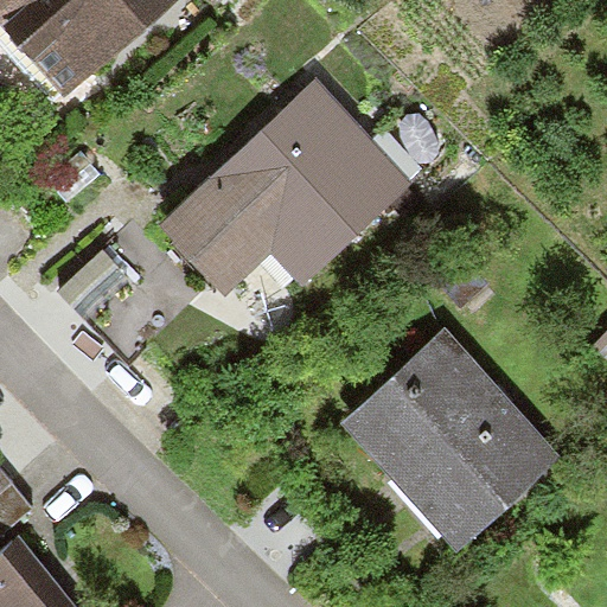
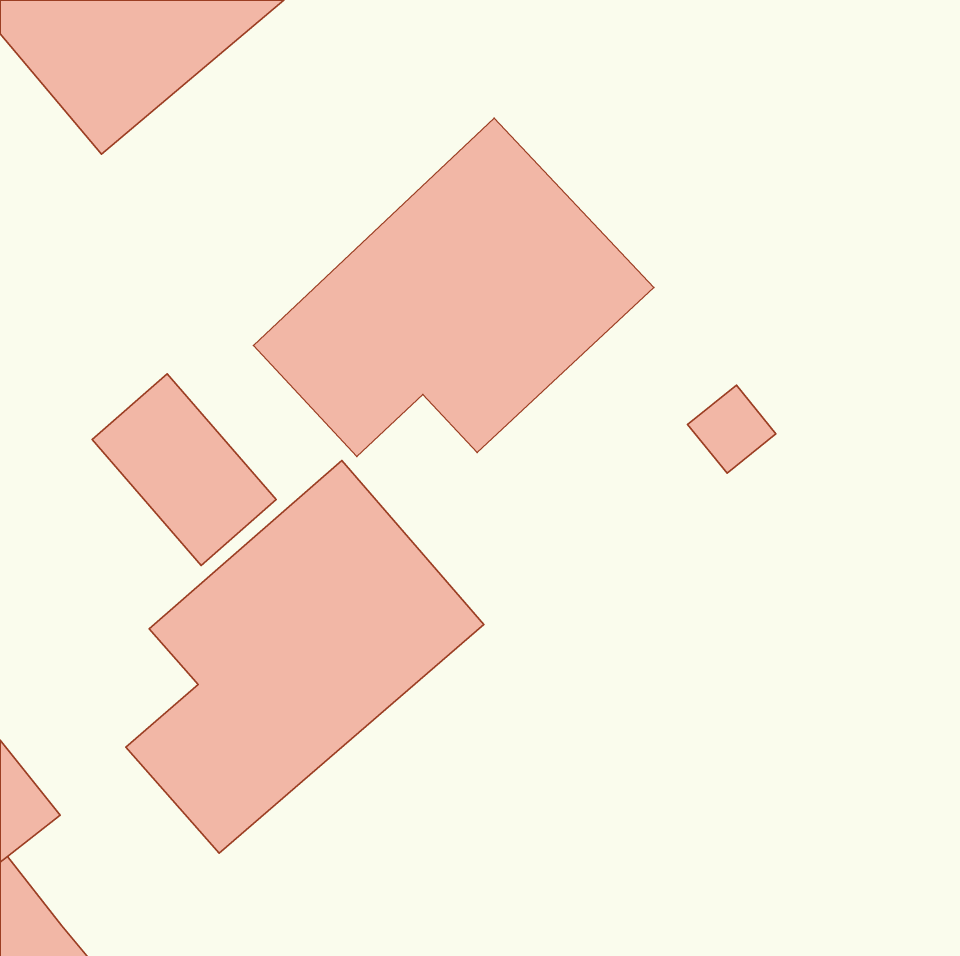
building: none -> [126,461,484,853]
building: [343,330,558,545] -> none

